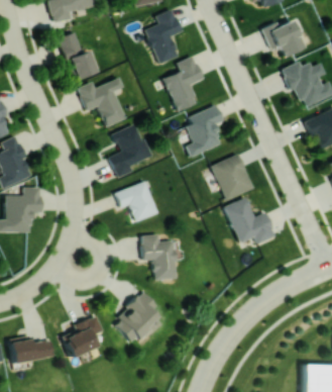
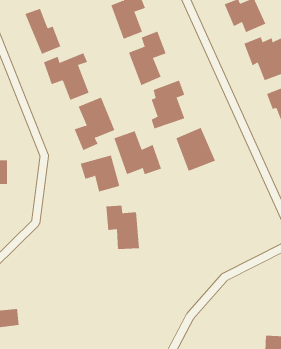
building: [225,198,274,243] -> [114,130,162,175]
building: [111,294,160,344] -> none
building: [63,316,102,357] -> none

